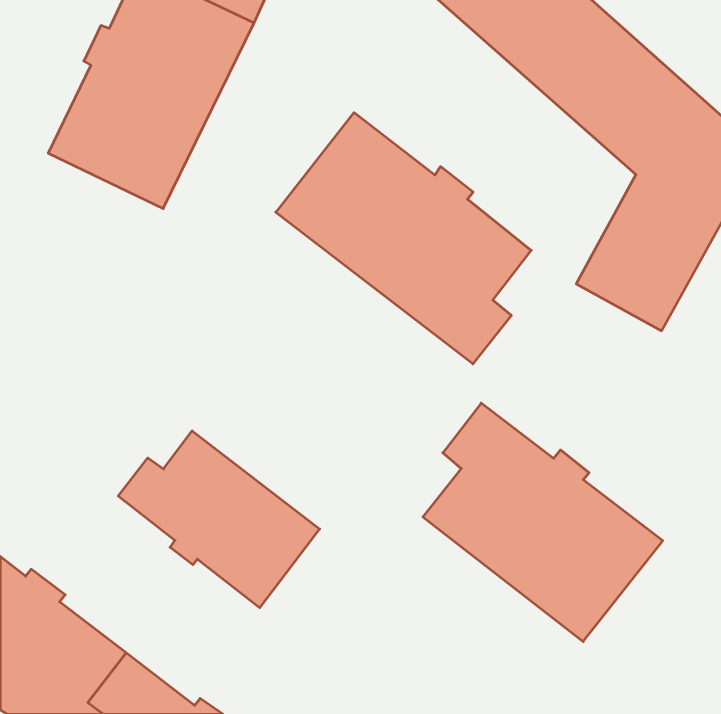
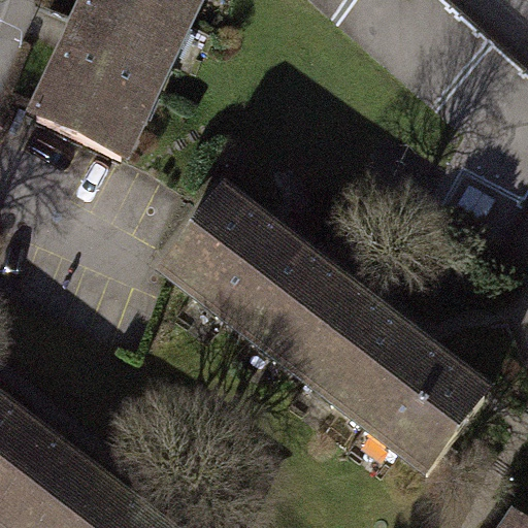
building: [276,113,531,364] -> [167,193,353,375]
building: [118,431,320,608] -> none

